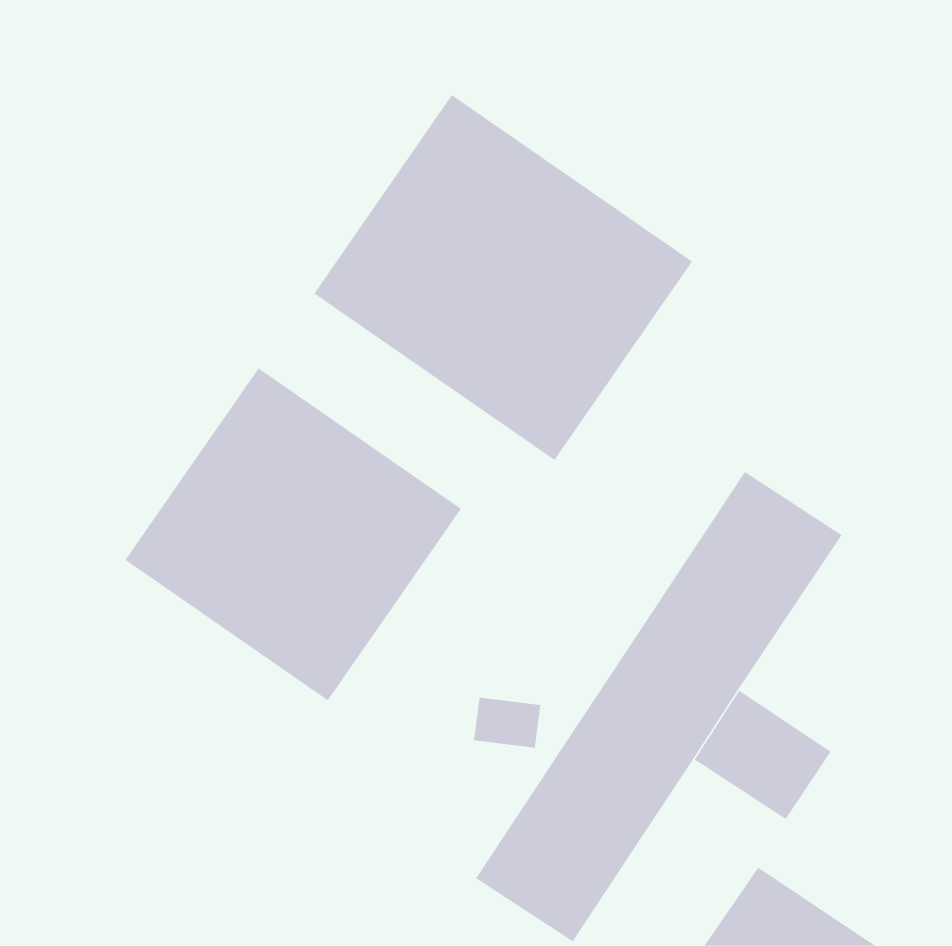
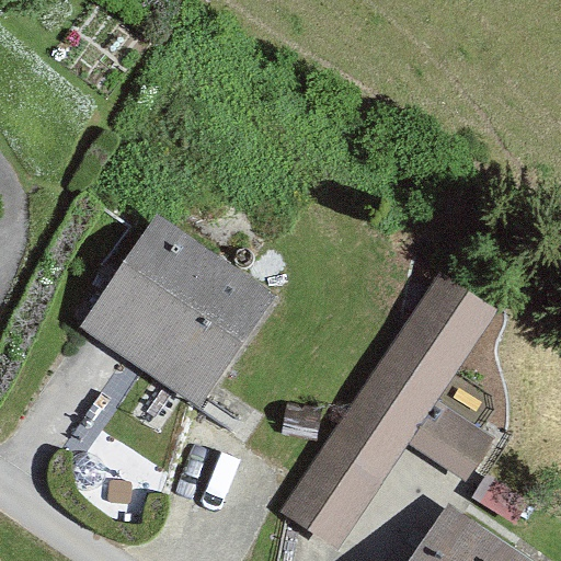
building: [314,94,693,461] -> none

